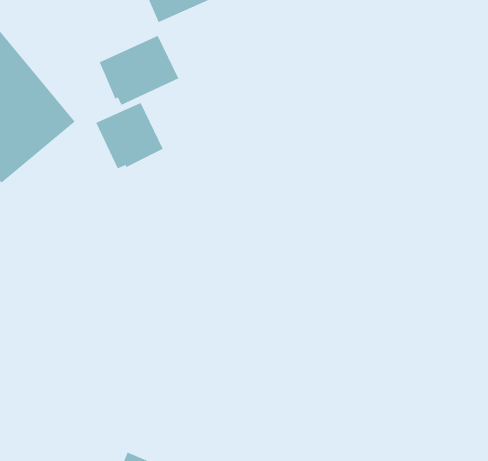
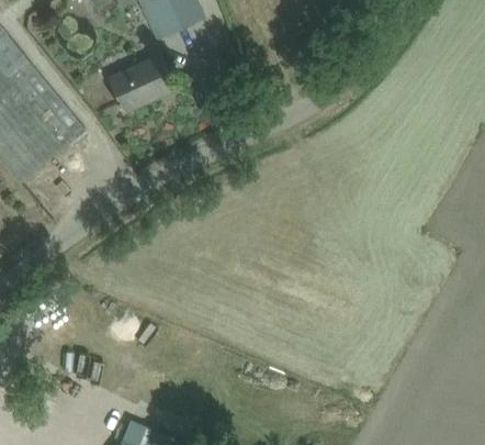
building: [96,102,163,169] -> none

